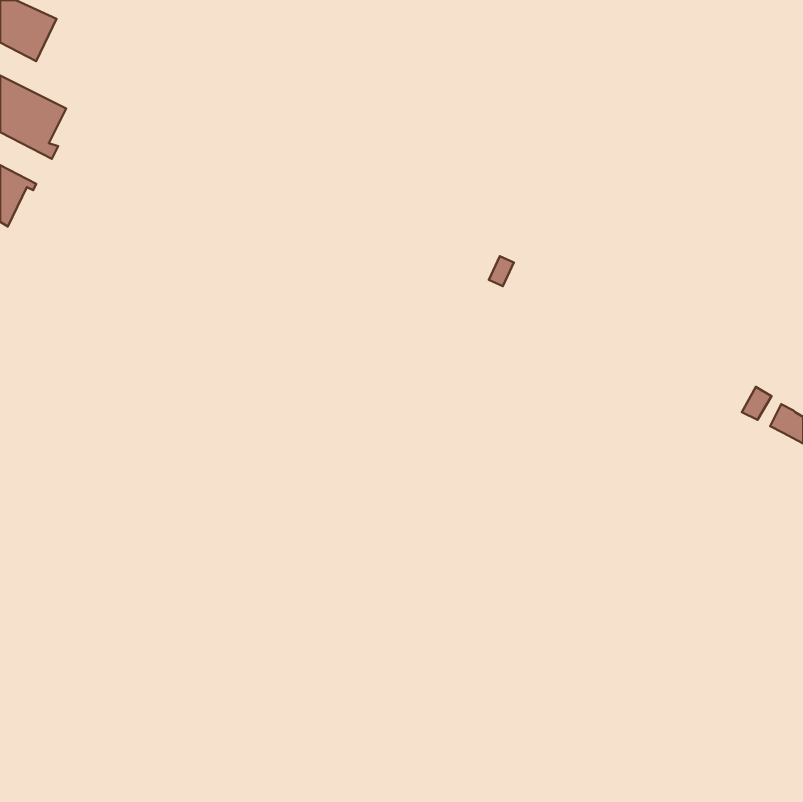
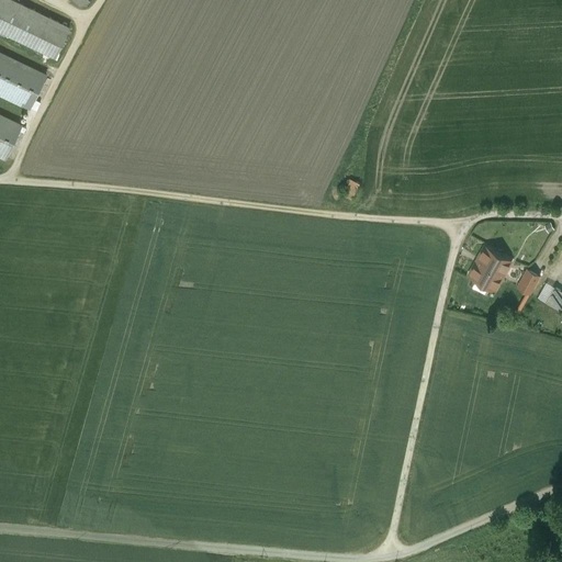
building: none -> [25,14,69,58]
building: none -> [469,247,512,291]

